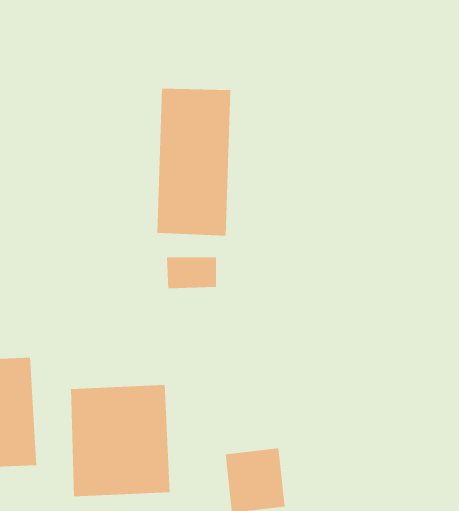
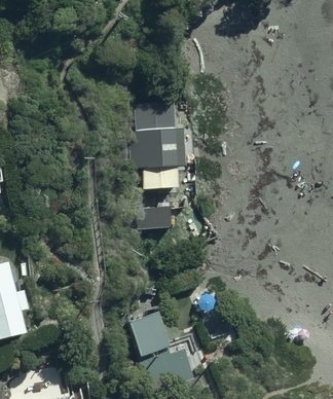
building: [71,384,170,497] -> none

